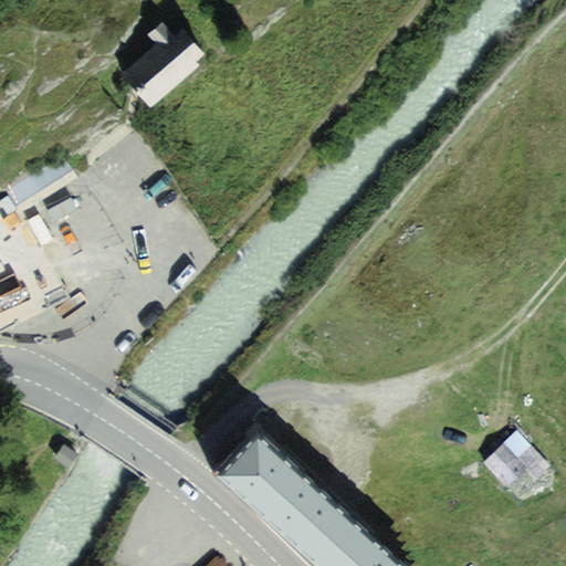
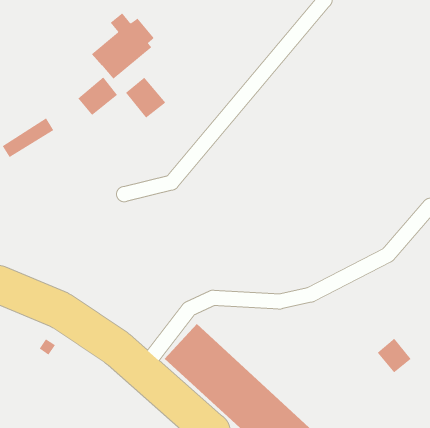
building: none -> [78,77,118,116]
building: none -> [125,77,166,118]

